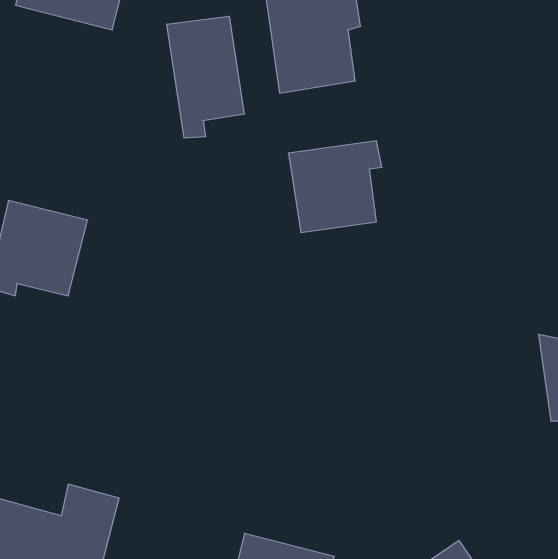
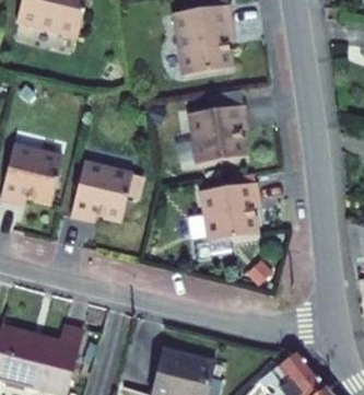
building: [167,16,244,138] -> none
building: none -> [73,158,136,217]
building: none -> [202,178,259,236]

